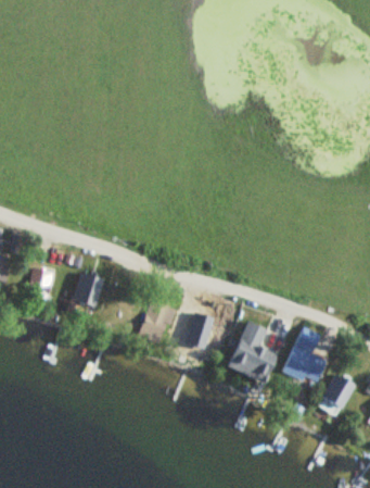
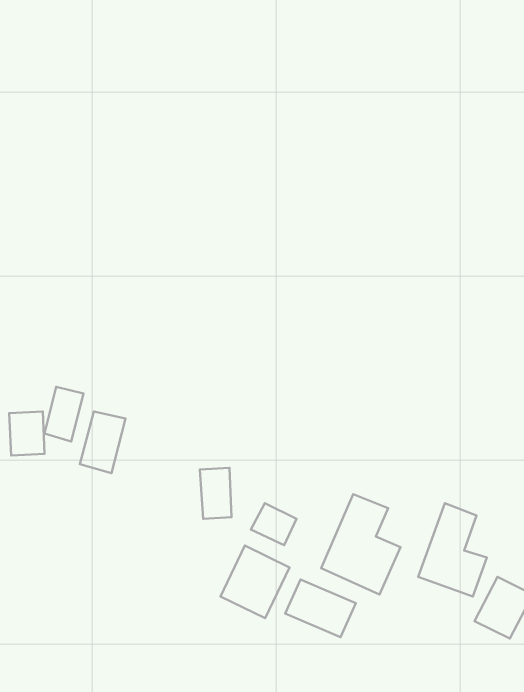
building: none -> [44,387,84,441]
building: none -> [221,545,289,618]
building: none -> [285,580,356,637]

